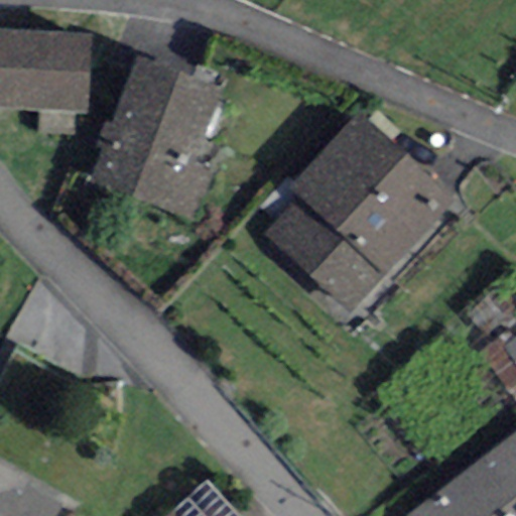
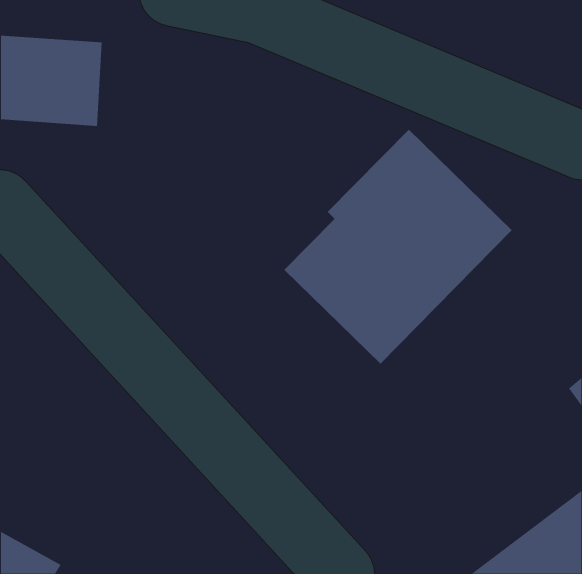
building: [95,61,223,217] -> none

